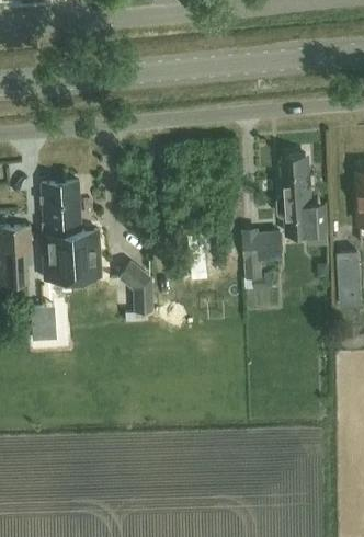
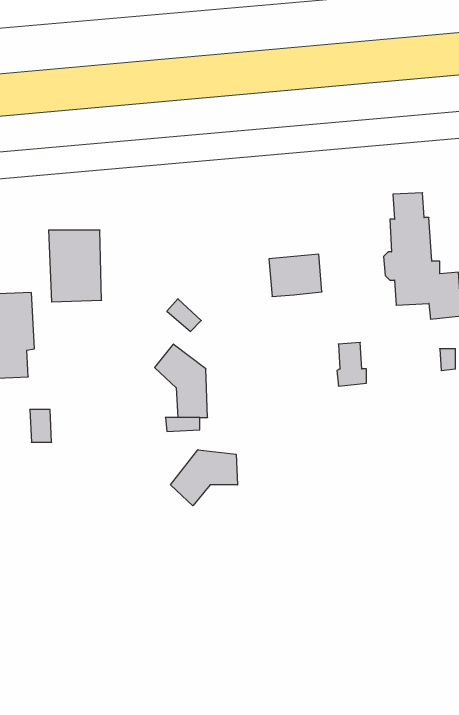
building: [41,230,100,278] -> none
building: [243,232,281,262] -> [269,254,322,296]
building: none -> [171,450,237,506]

